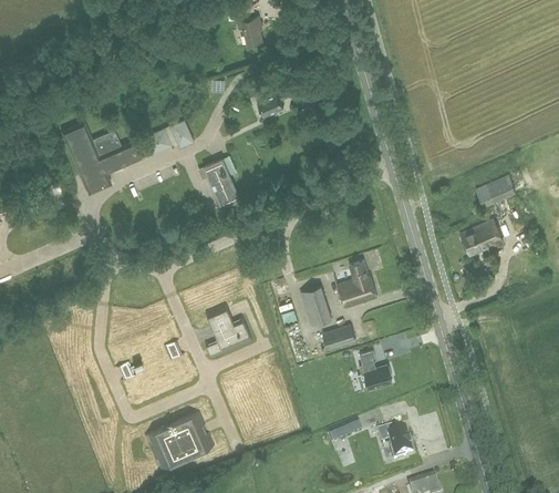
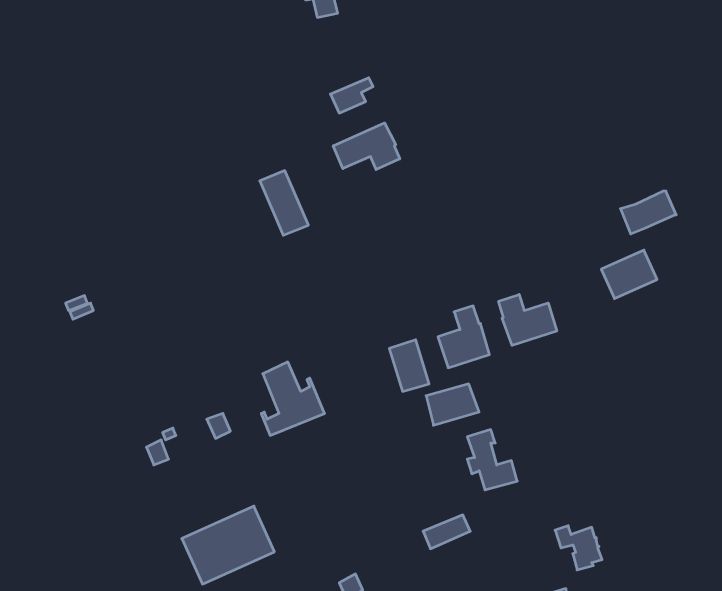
building: [63,121,193,193] -> none
building: none -> [333,123,400,170]
building: none -> [499,294,557,345]
building: [377,428,413,461] -> [555,526,602,570]

